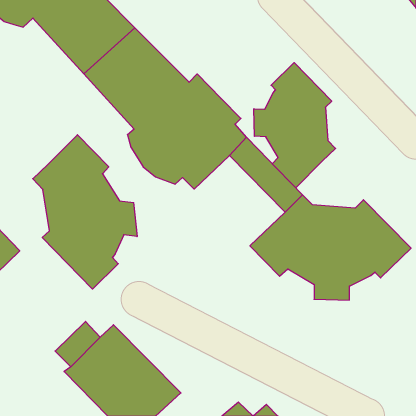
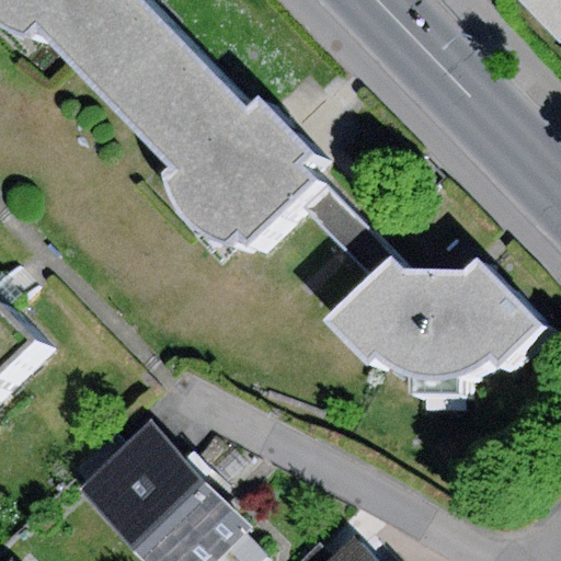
building: [254,63,336,188] -> none
building: [33,135,137,289] -> none

